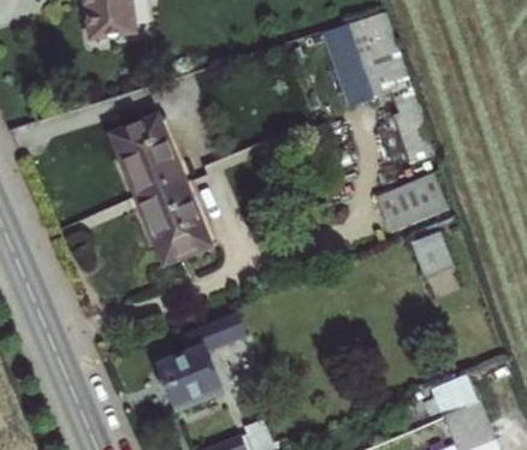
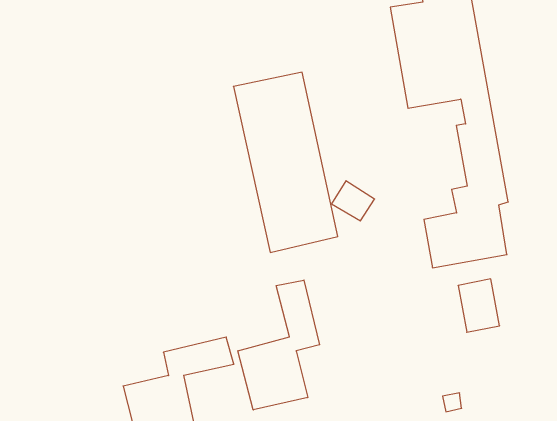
building: [109,117,213,265] -> [233,72,338,252]
building: none -> [238,280,320,410]

